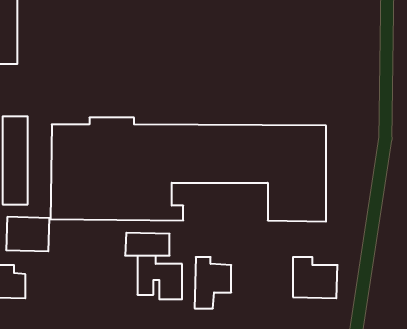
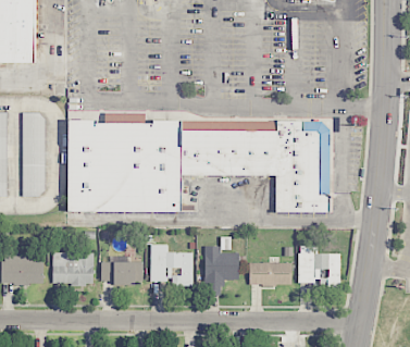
building: [6,217,50,251] -> [52,252,94,285]
building: [125,233,170,256] -> [100,261,142,283]
building: none -> [249,262,291,286]

